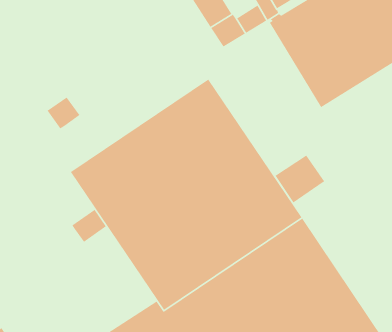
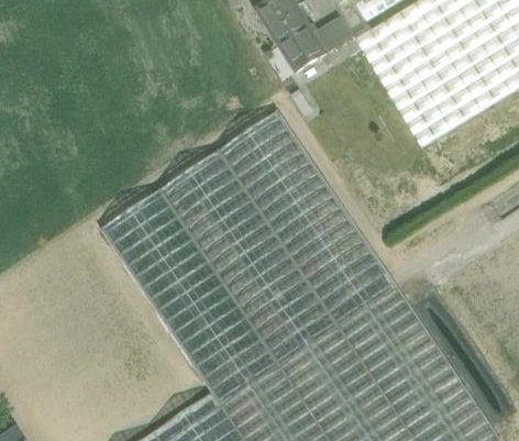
building: [46,97,80,130] -> none
building: [275,154,325,204] -> none
building: [71,209,107,243] -> none

